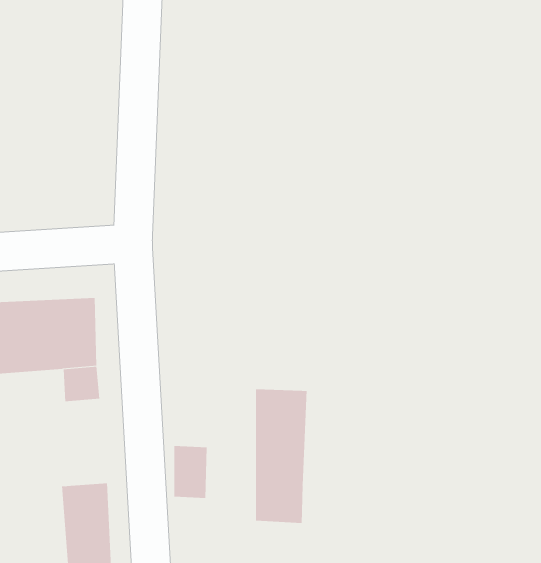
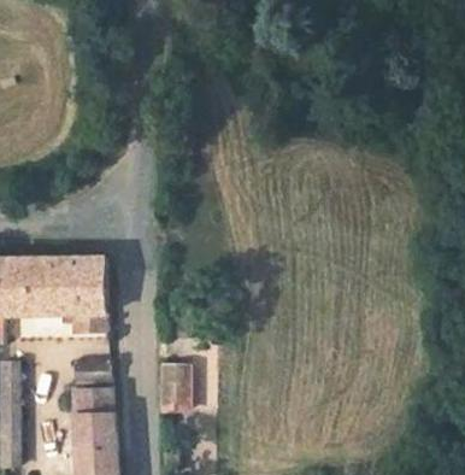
building: [255,388,307,524] -> none
building: none -> [77,362,112,399]

